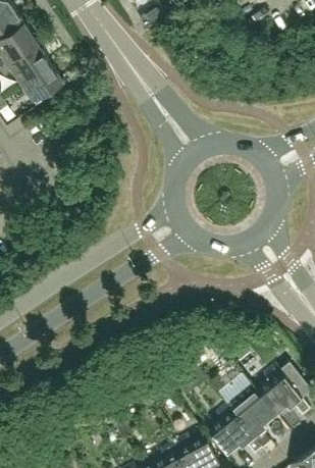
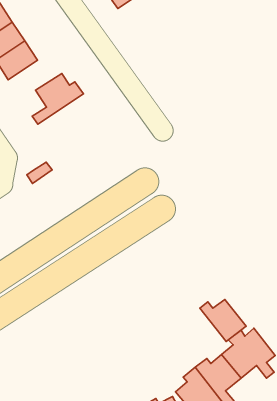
building: none -> [32,73,83,124]
building: none -> [200,299,246,342]

